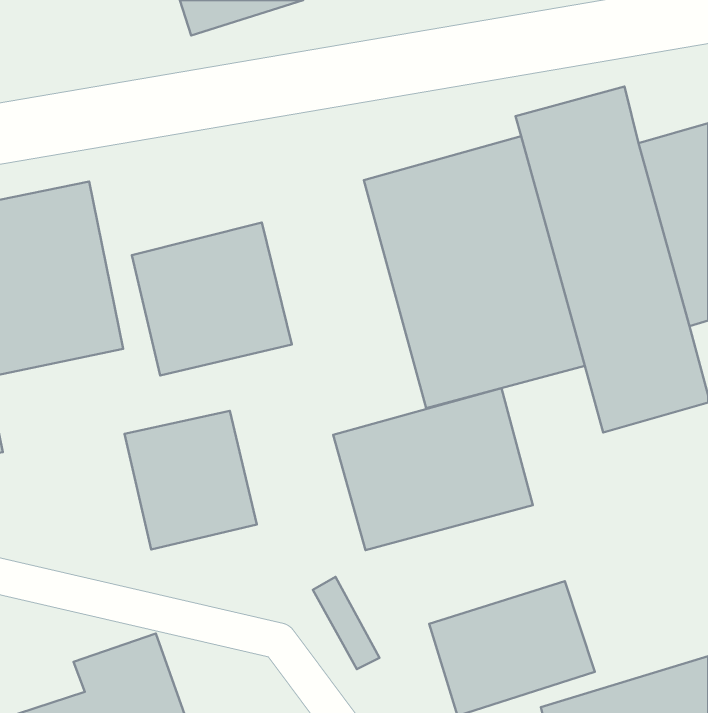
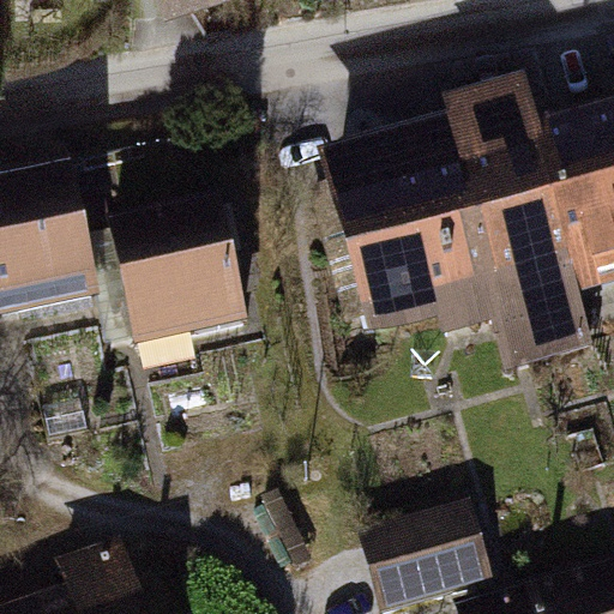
building: [333,388,533,550] -> none
building: [125,411,257,549] -> none

